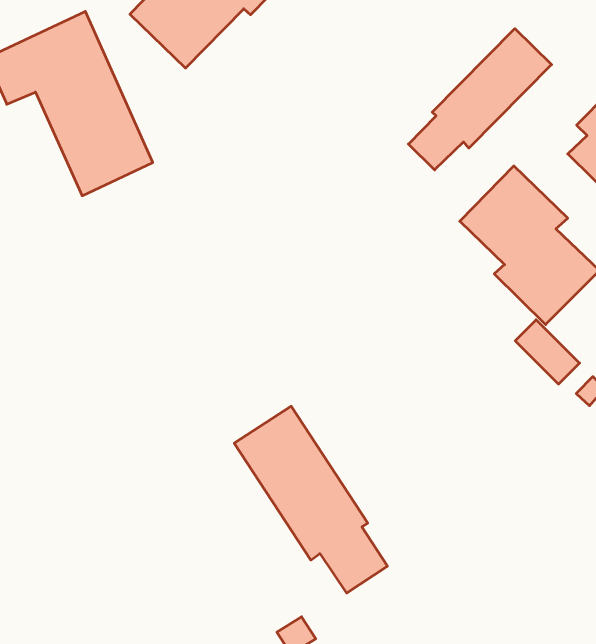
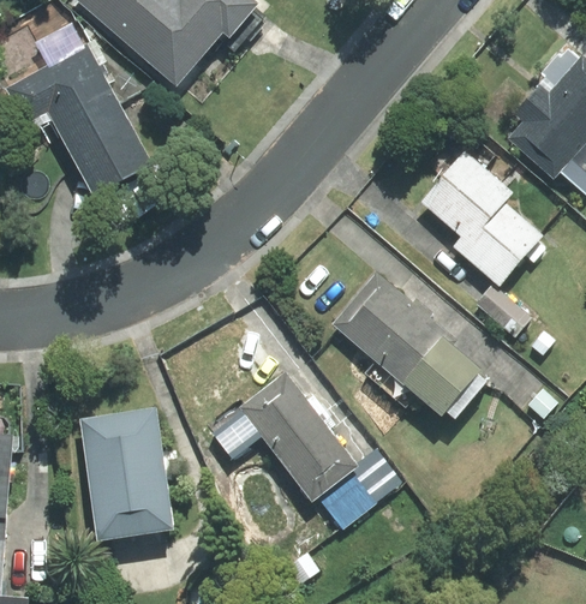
building: [408,29,552,170] -> none
building: none -> [331,271,482,418]
building: none -> [79,408,173,543]

